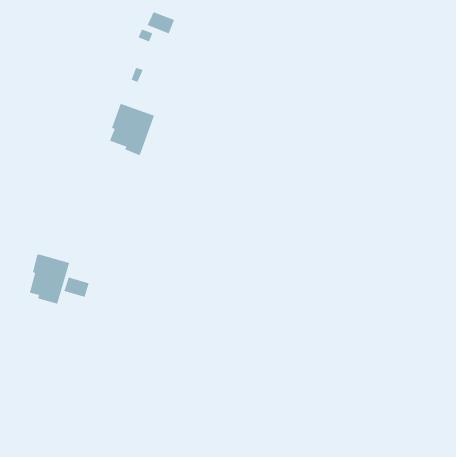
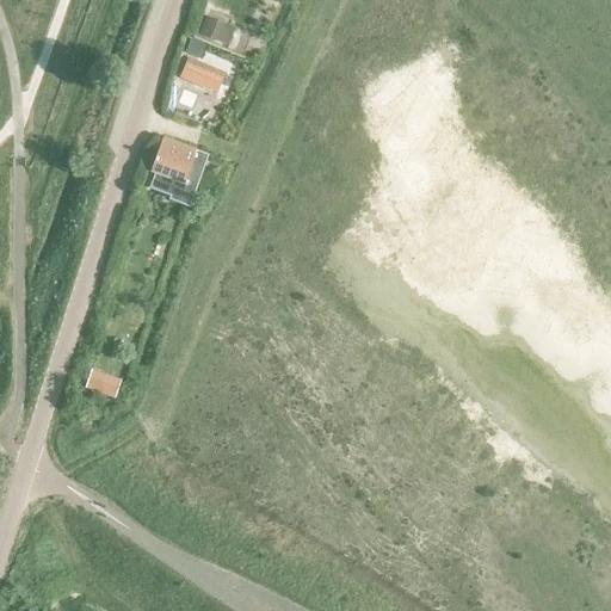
building: none -> [181,57,226,92]
building: [29,254,70,305] -> none

